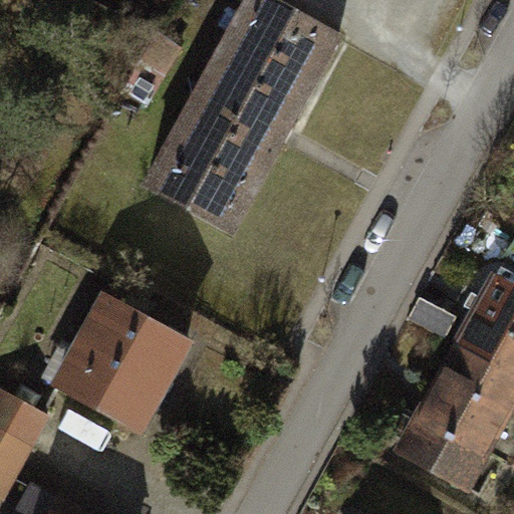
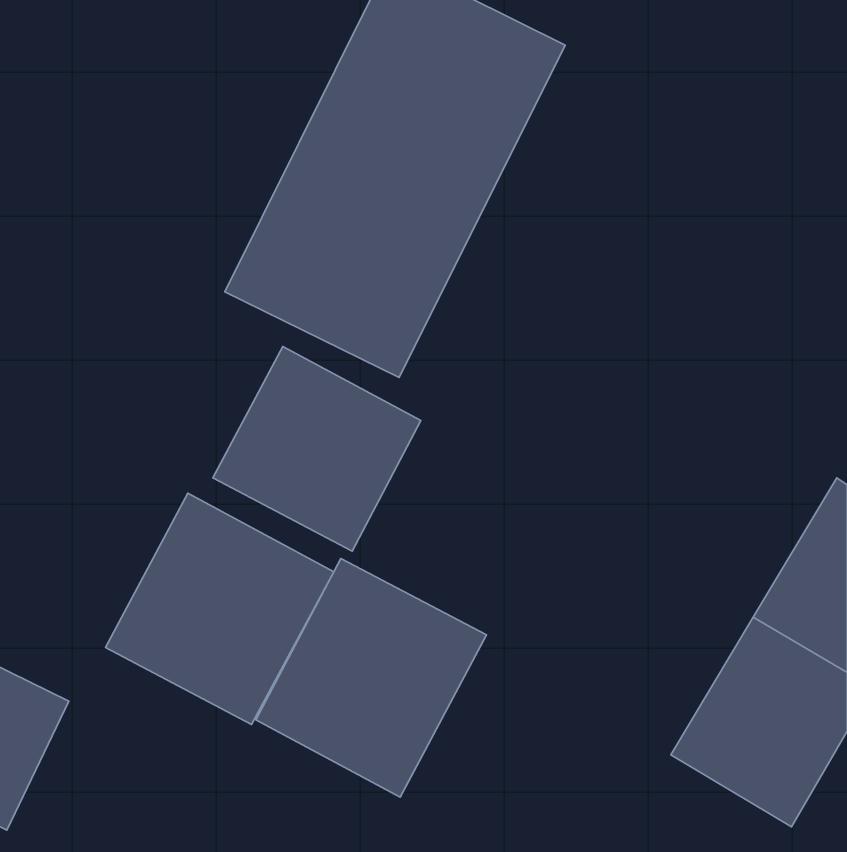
building: none -> [213,346,421,551]
building: none -> [256,558,487,797]

